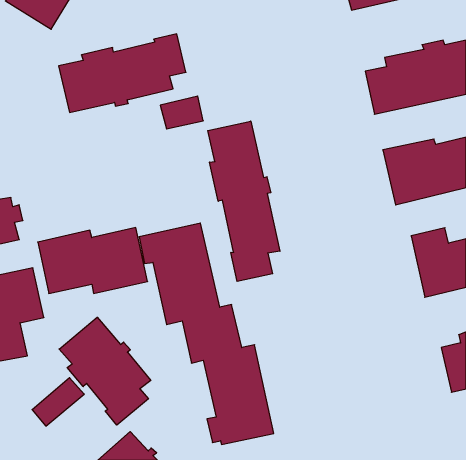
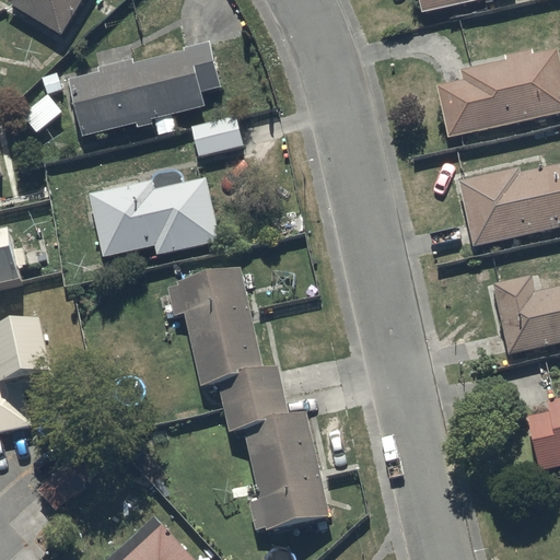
building: [208,121,280,281] -> none
building: [38,228,148,293] -> [91,176,222,255]
building: [59,317,151,425] -> none

